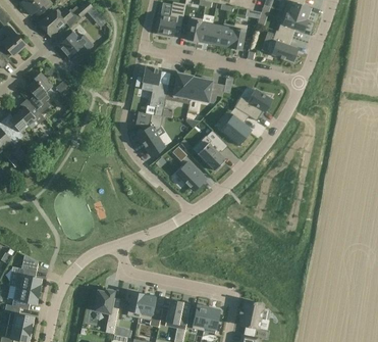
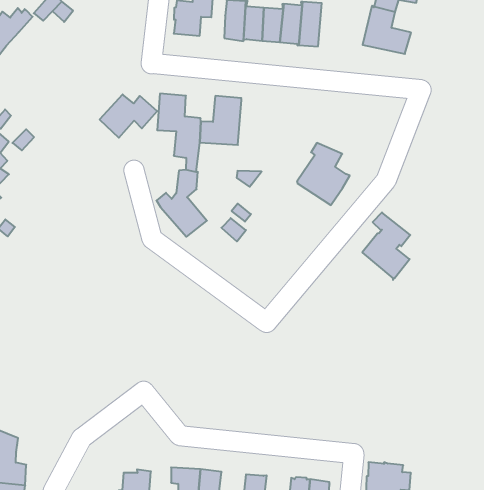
building: [58,32,93,57] -> [100,94,157,138]
building: [187,76,216,103] -> none
building: [233,89,271,120] -> none
building: [198,130,227,170] -> [362,212,410,280]
building: [179,161,205,190] -> none

